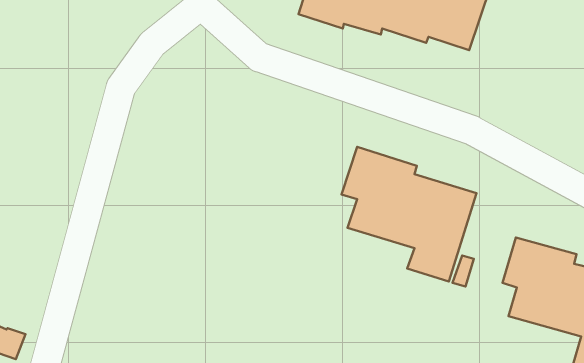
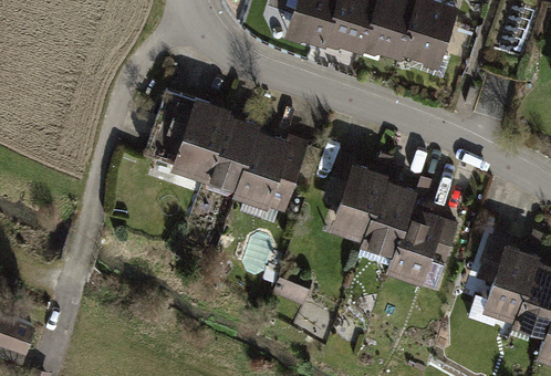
building: none -> [164,94,315,216]

